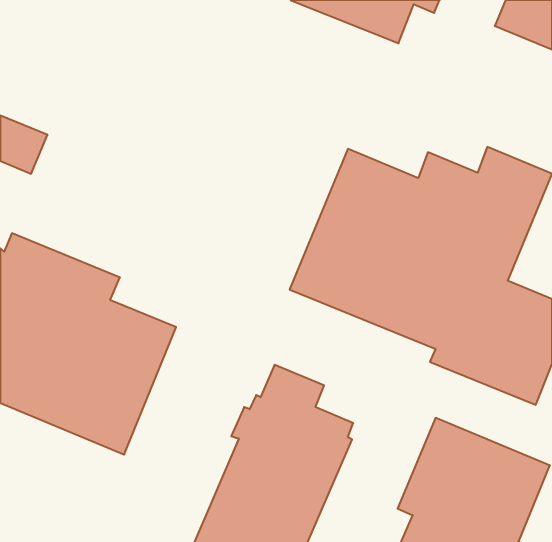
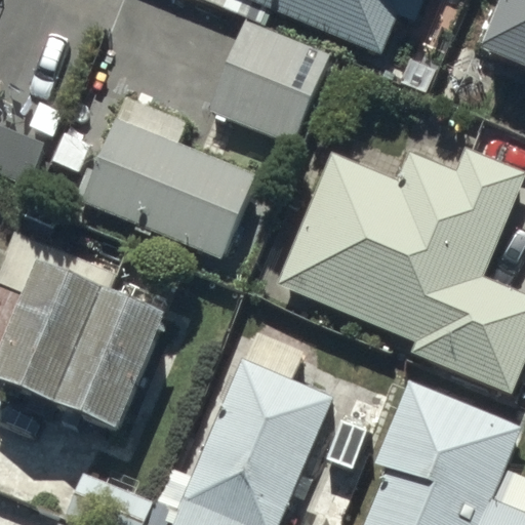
building: none -> [205,16,327,140]
building: none -> [71,108,256,254]

